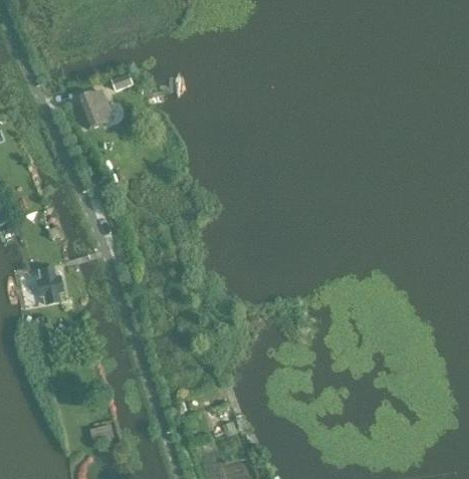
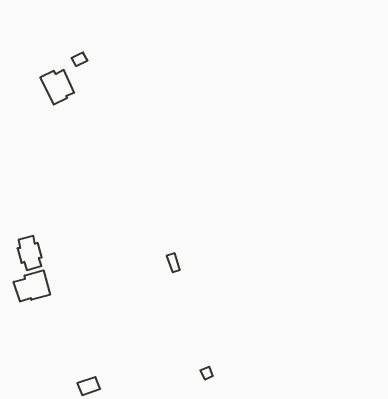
building: none -> [14,270,50,302]

